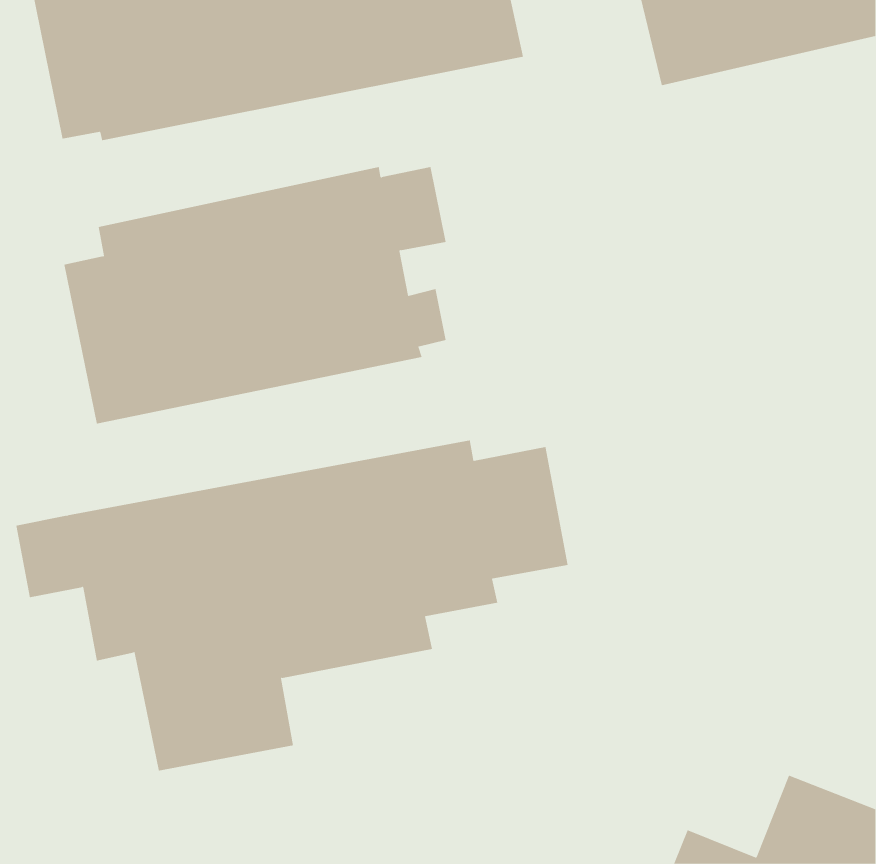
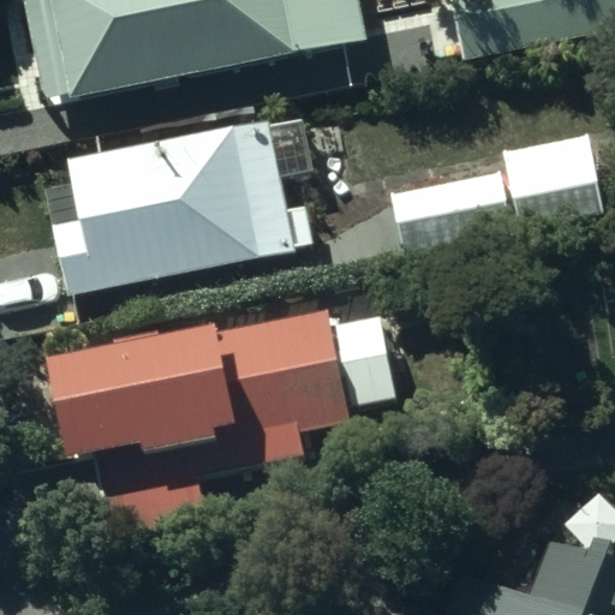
building: none -> [390,133,603,252]

